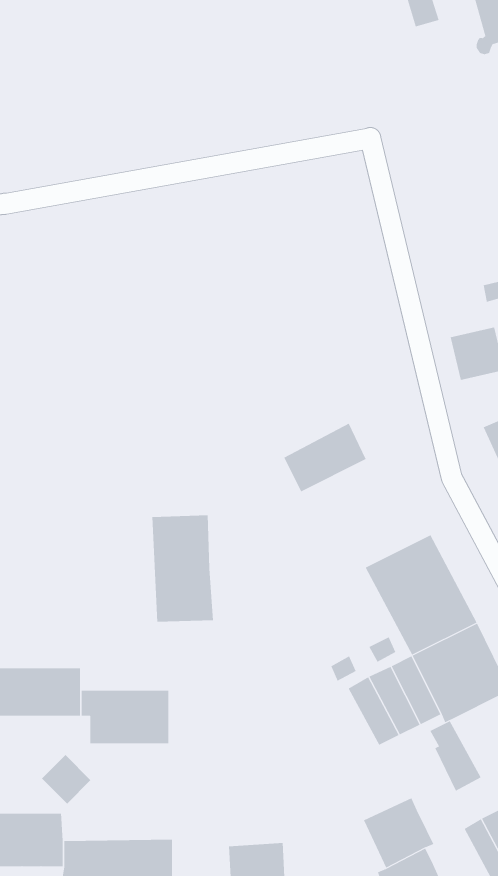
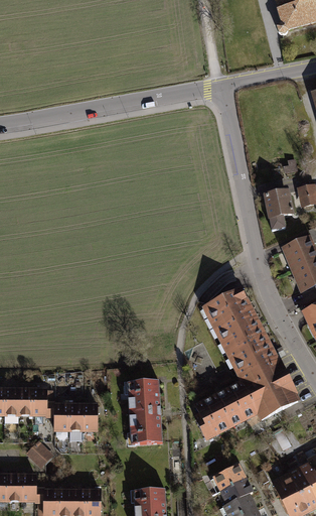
building: [283,423,367,492] -> [203,290,252,331]
building: [151,515,214,622] -> [127,383,163,445]
building: [429,720,481,791] -> [191,401,221,442]

